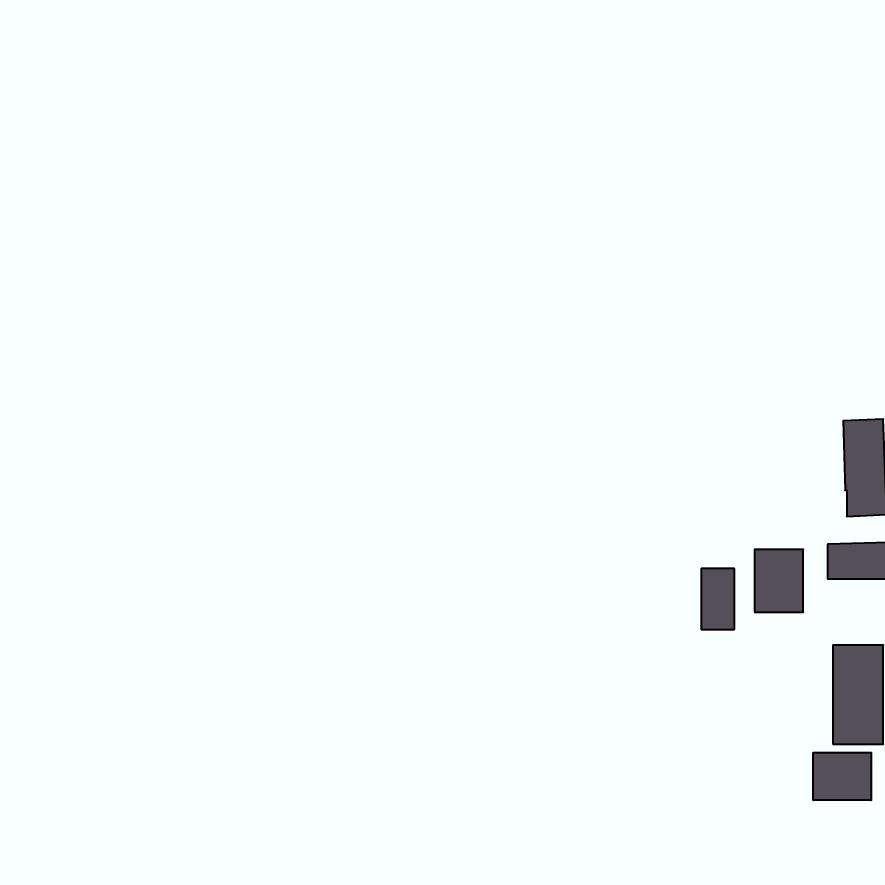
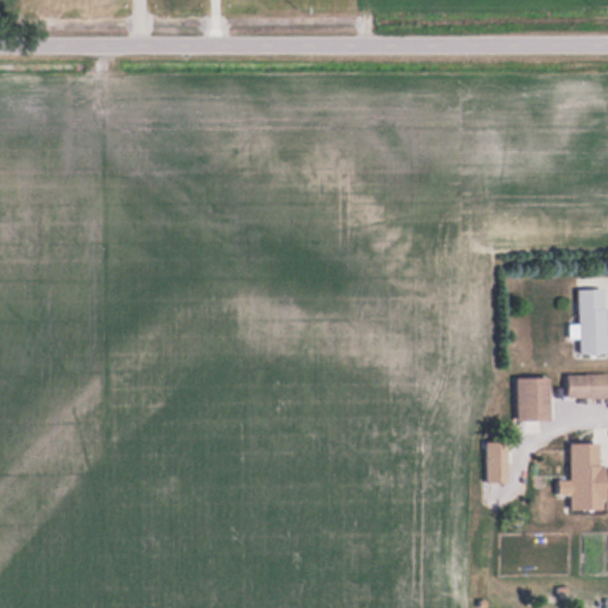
building: [701,569,734,629] -> [487,442,509,483]
building: [813,753,871,800] -> none

